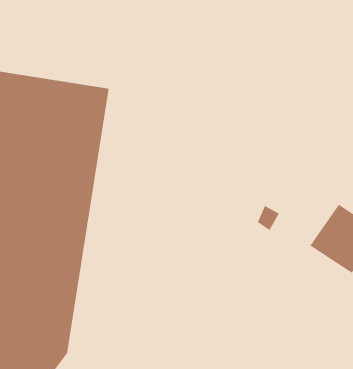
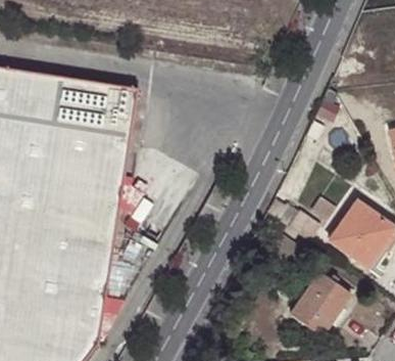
building: none -> [289,269,349,335]

